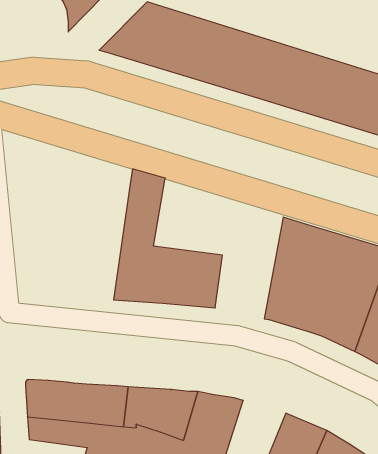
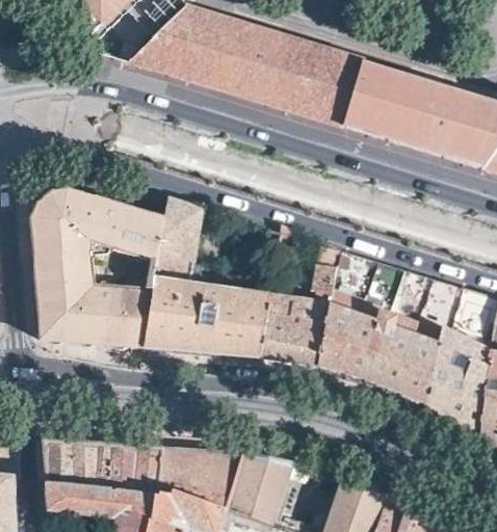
building: none -> [31,186,164,346]
building: none -> [262,237,340,368]

